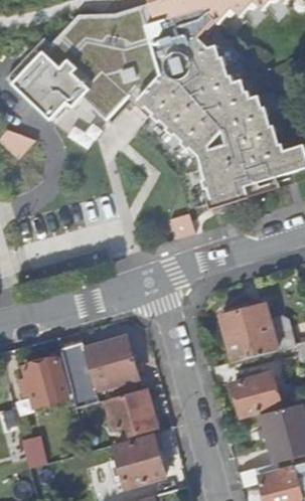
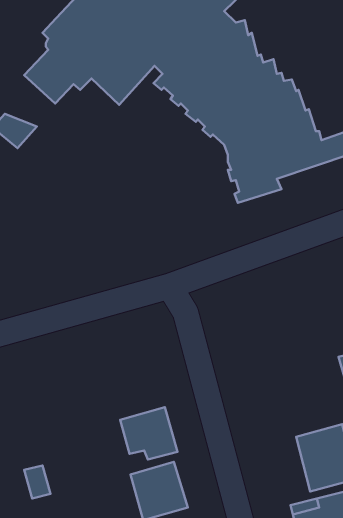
building: [218,303,294,360] -> none
building: [60,338,138,406] -> none
building: [19,357,68,407] -> none
building: [233,369,281,414] -> none

